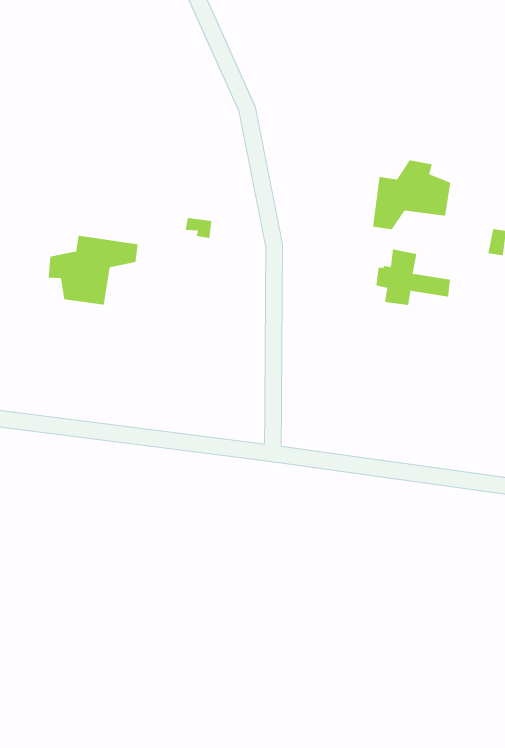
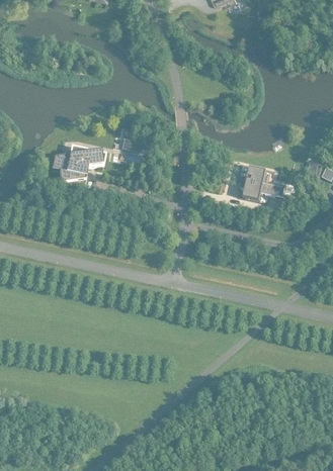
building: [373,159,451,230] -> none

